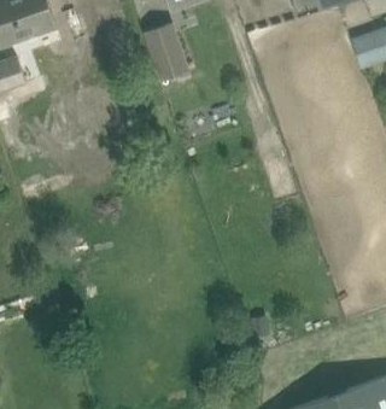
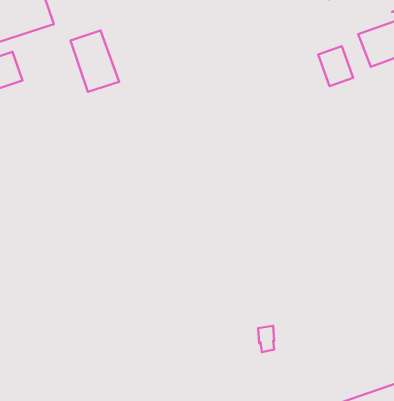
building: [141,22,188,81] -> [70,30,119,92]
building: none -> [318,46,353,86]

